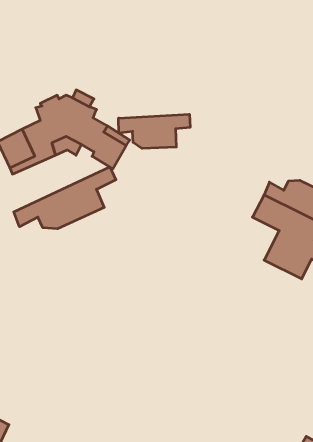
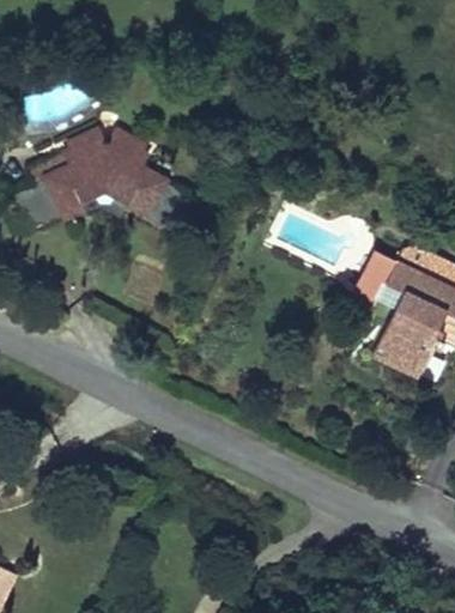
building: [119,114,190,148] -> none
building: [14,167,116,229] -> none

